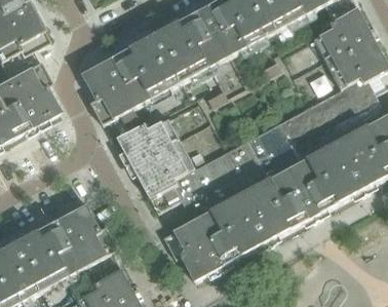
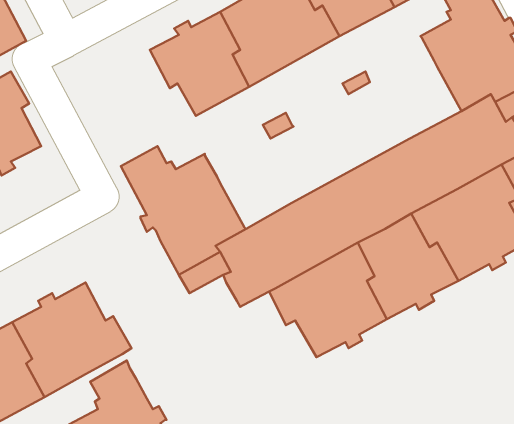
building: [82,47,162,123] -> none
building: [163,209,243,280] -> none

